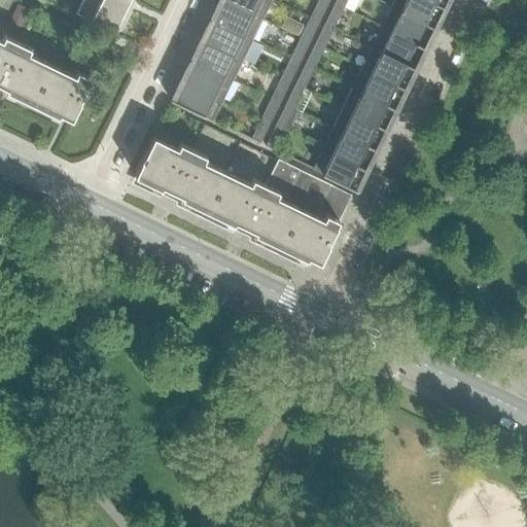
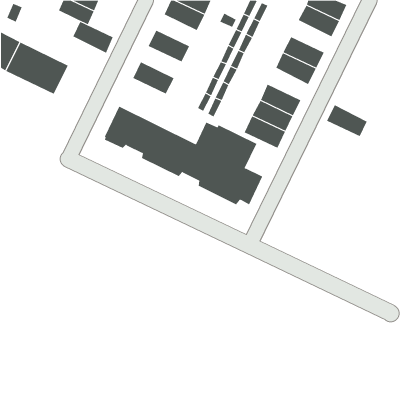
building: [201,21,253,61] -> none
building: [373,28,425,69] -> none
building: [181,61,234,102] -> [72,21,114,53]
building: [343,89,395,130] -> [326,105,367,137]
building: [315,186,351,226] -> none

